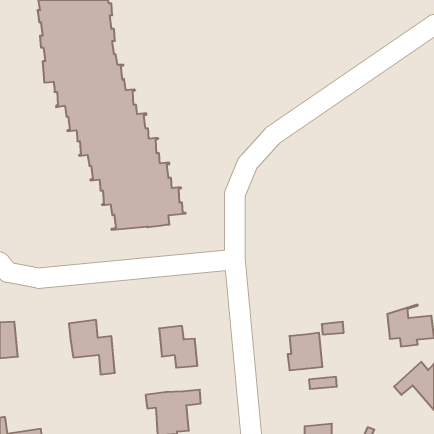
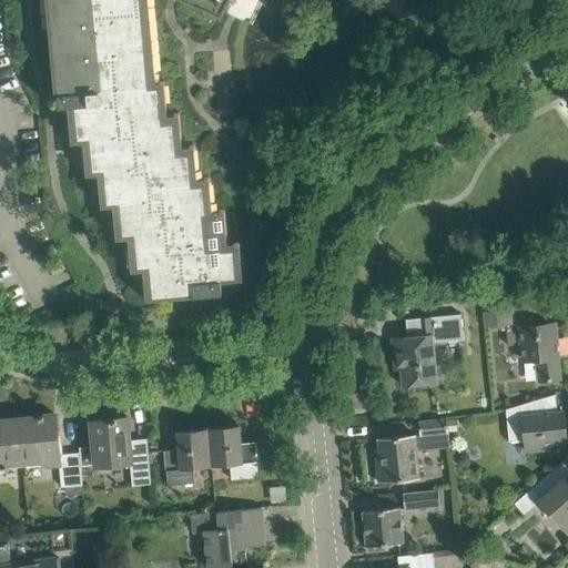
building: none -> [494,310,560,383]
building: none -> [390,315,463,388]
building: none -> [19,416,80,489]
building: none -> [163,429,211,486]
building: none -> [362,508,405,552]

